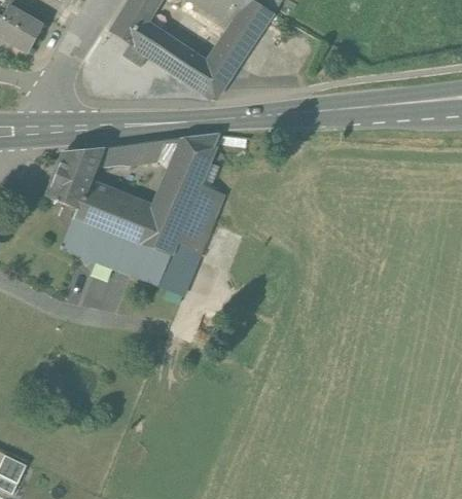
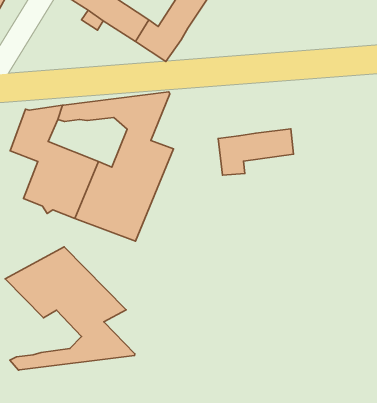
building: none -> [218,129,293,175]
building: none -> [5,247,135,370]

